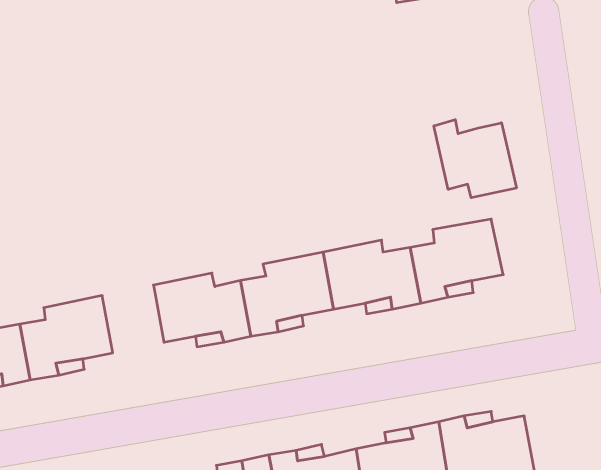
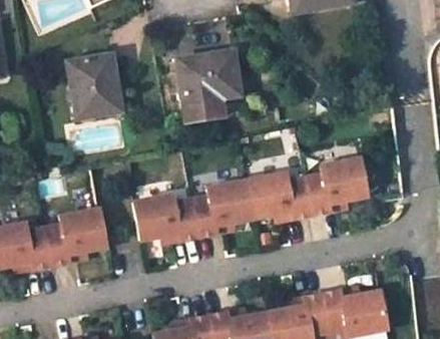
building: none -> [178,51,238,120]
building: none -> [68,56,117,119]
building: [434,120,516,198] -> none

